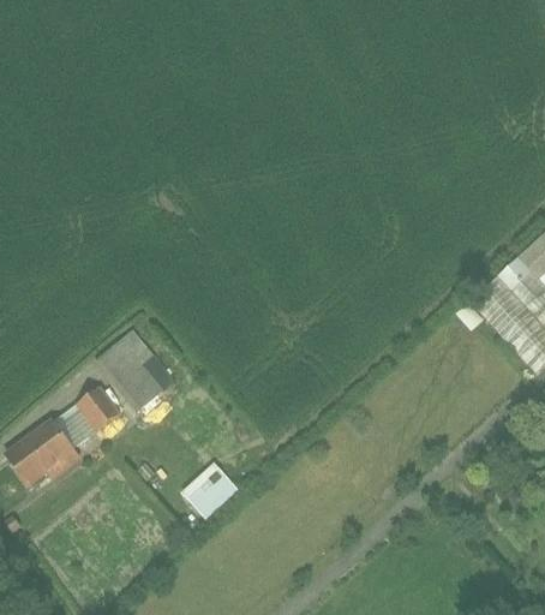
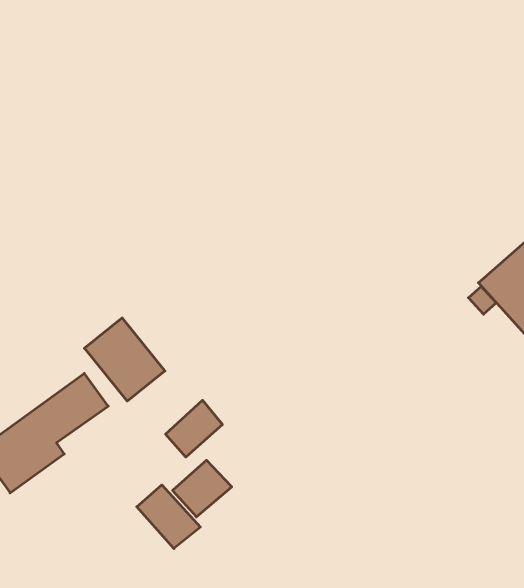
building: none -> [166,400,222,457]
building: none -> [137,485,200,549]

